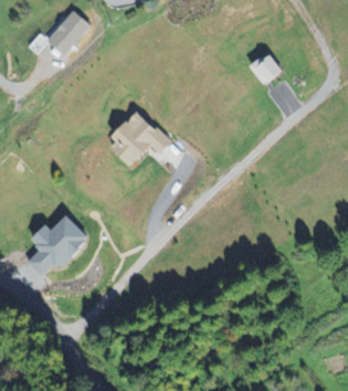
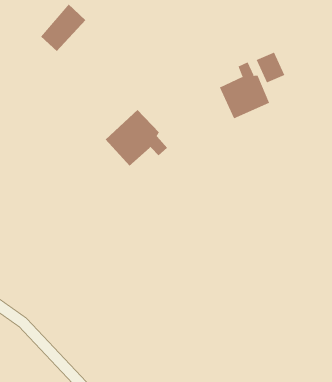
building: none -> [219,62,270,119]
building: [27,213,89,275] -> none

